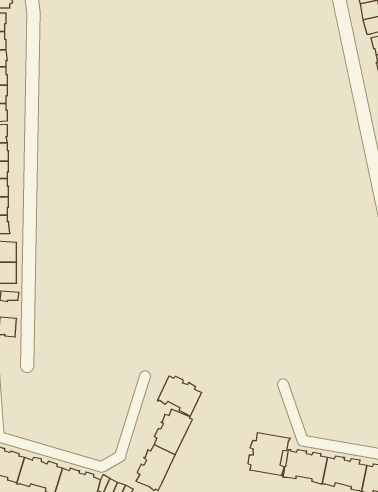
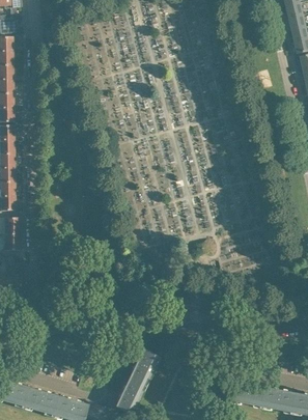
building: [157,376,202,417] -> none
building: [248,433,290,476] -> none

